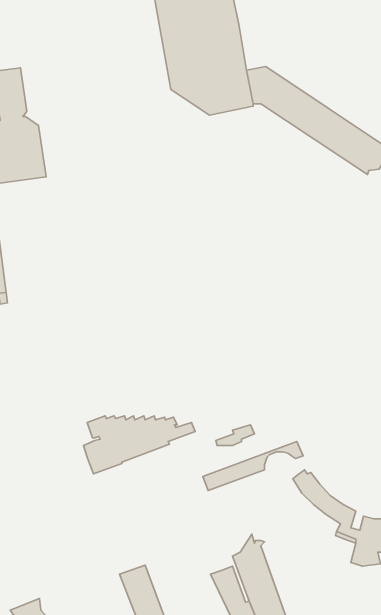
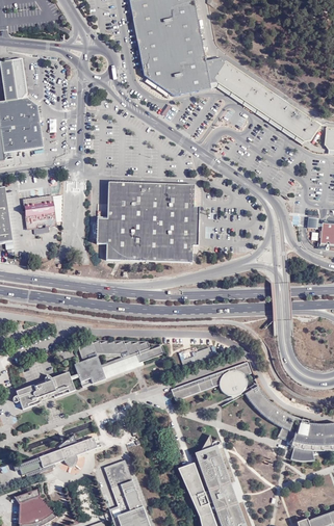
building: none -> [97,183,200,263]
building: none -> [21,195,55,230]
building: none -> [220,369,247,396]
building: none -> [15,371,74,409]
building: none -> [11,433,99,477]

